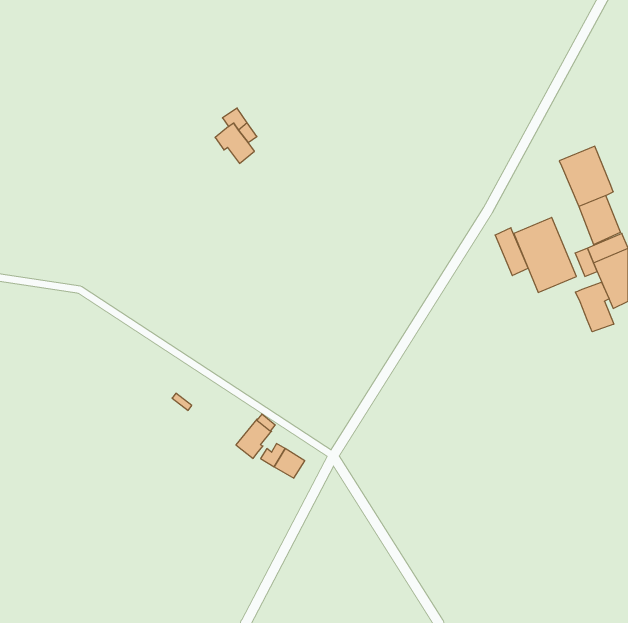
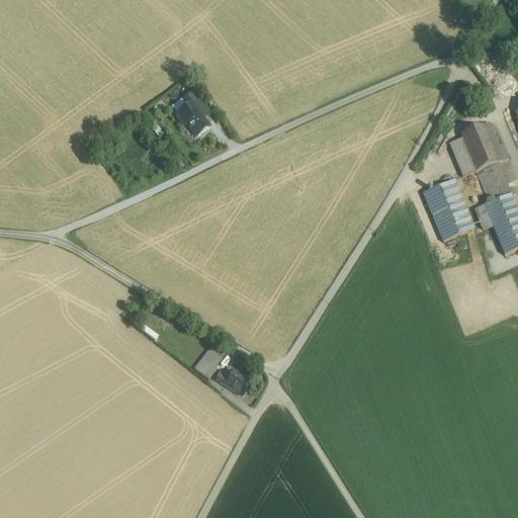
building: [495,228,528,276] -> [449,137,477,176]
building: [575,282,614,332] -> none

